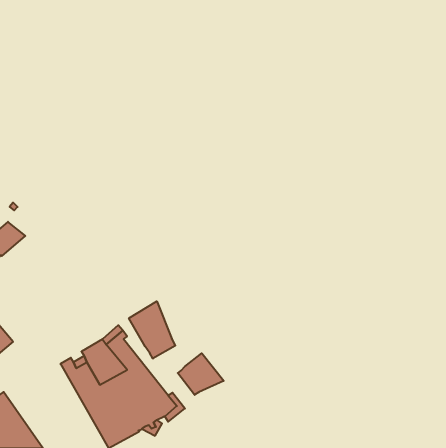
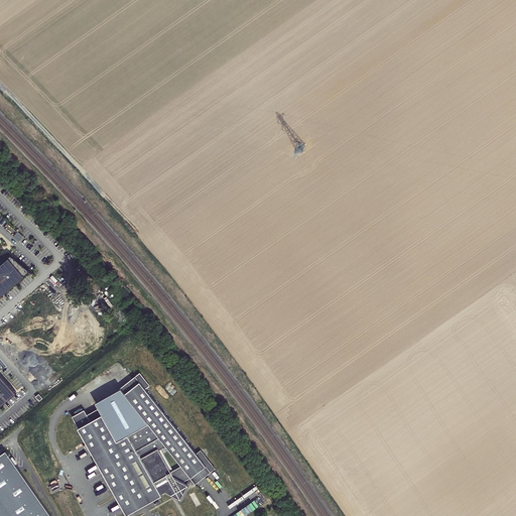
building: [129,301,175,359] -> none
building: [178,353,224,395] -> none

